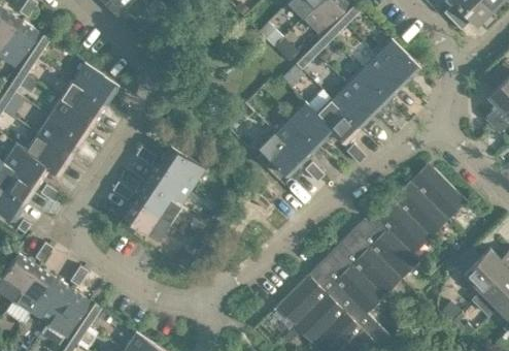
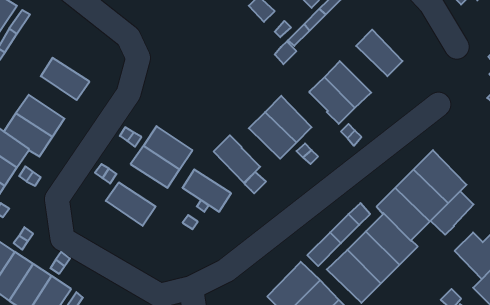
building: [375,38,419,84] -> none
building: [71,62,118,103] -> none
building: [344,69,389,114] -> none
building: [48,98,94,138] -> none
building: [289,101,333,147] -> [214,135,260,183]
building: [134,182,180,222] -> [182,169,231,212]
building: none -> [431,191,474,235]

